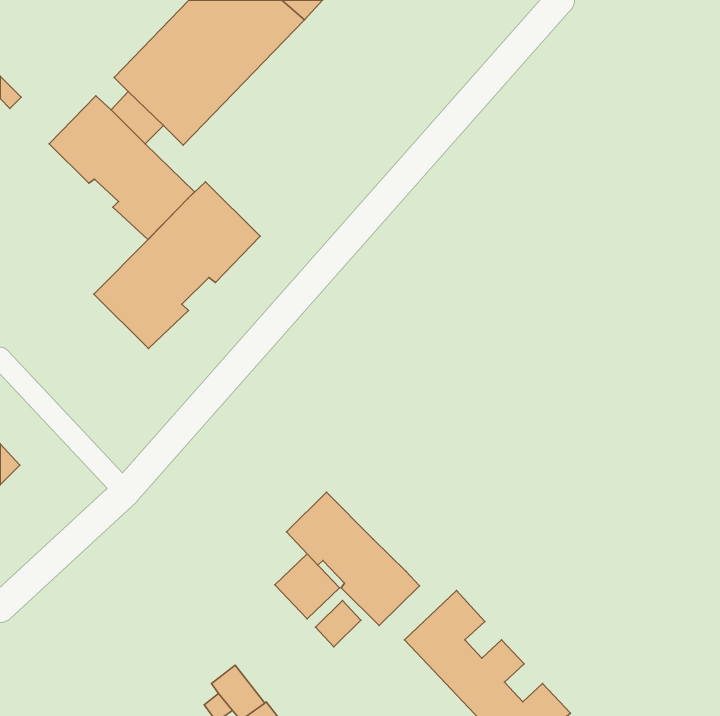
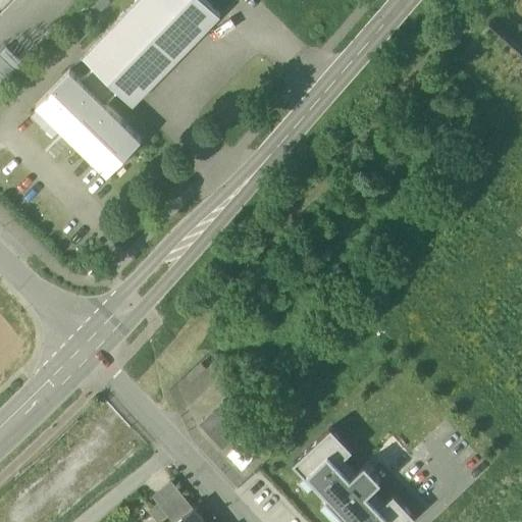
building: [94,182,260,348] -> none
building: [286,492,419,626] -> none

